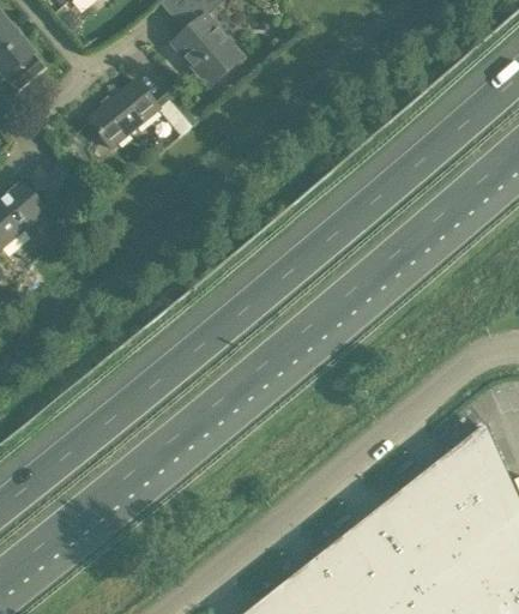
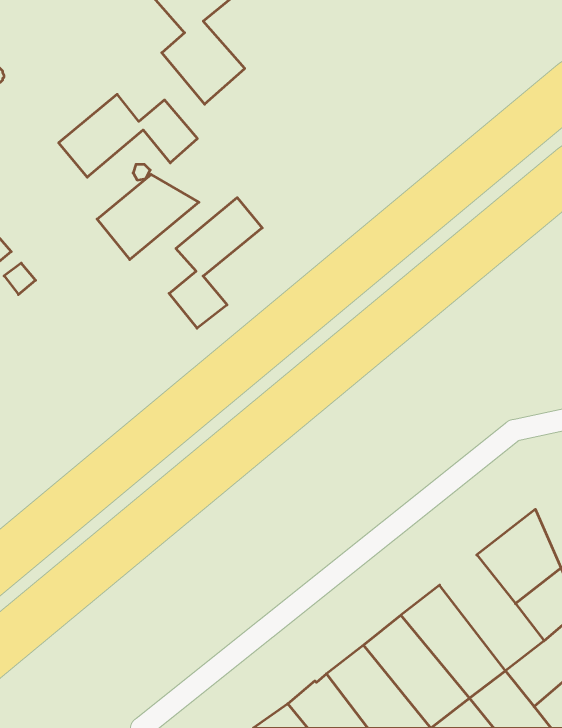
building: none -> [97,174,199,260]
building: none -> [169,198,262,328]
building: [405,465,493,562] -> none

